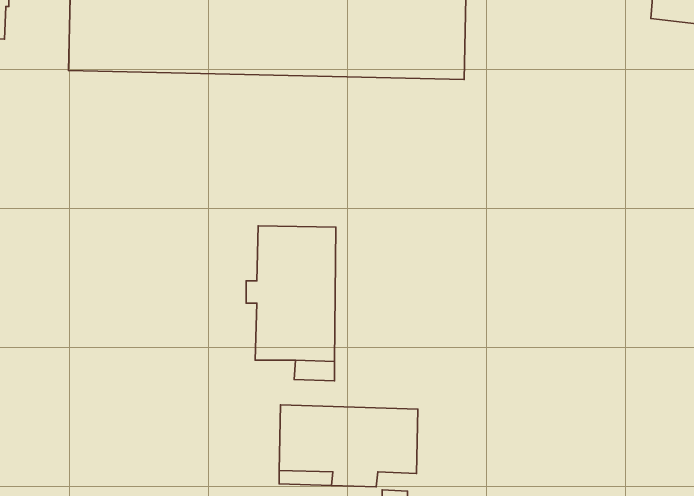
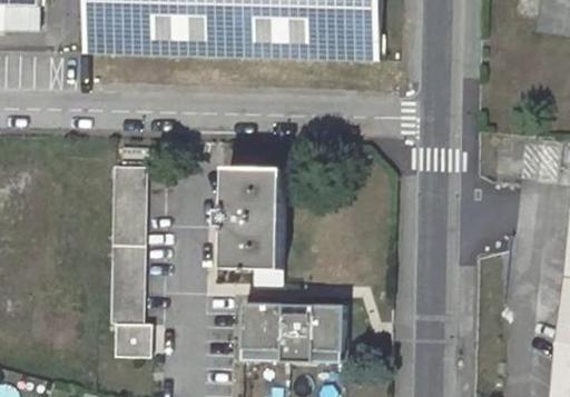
building: none -> [94,167,153,357]

